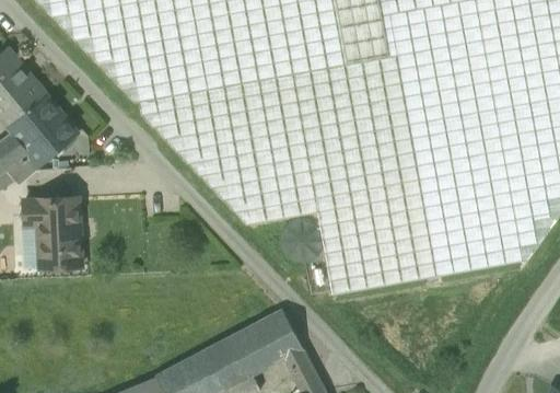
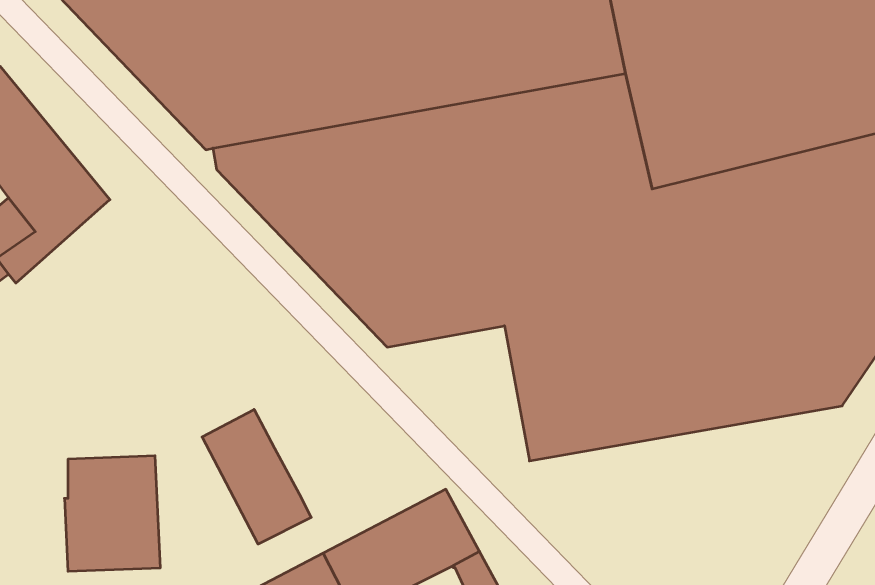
building: [23,197,82,268] -> [64,456,160,571]
building: none -> [202,409,311,544]

